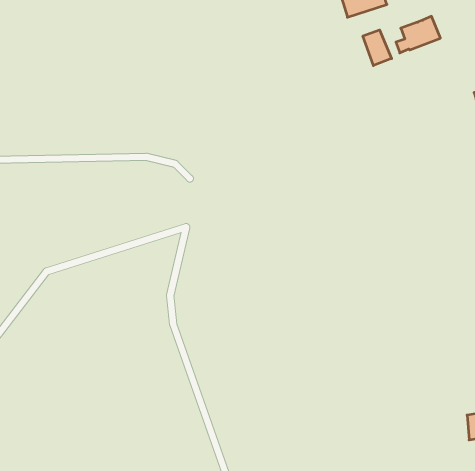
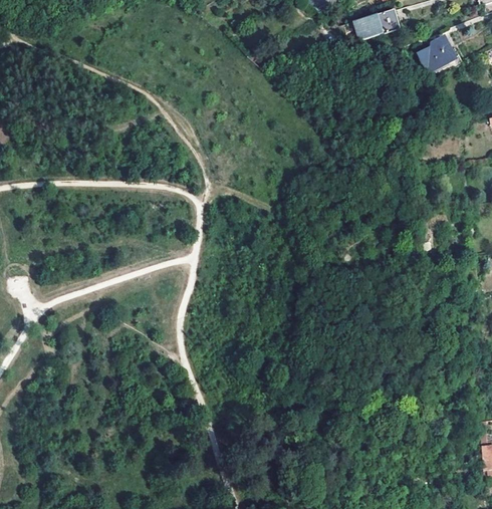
building: [363,30,392,66] -> none

